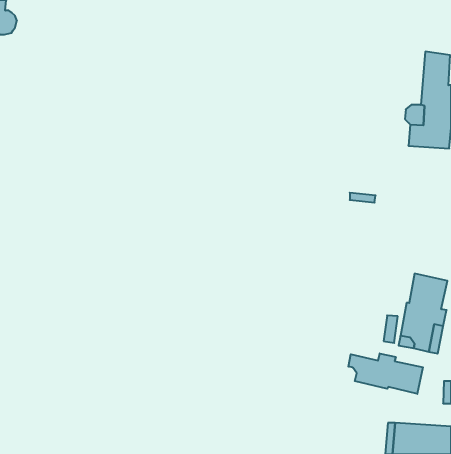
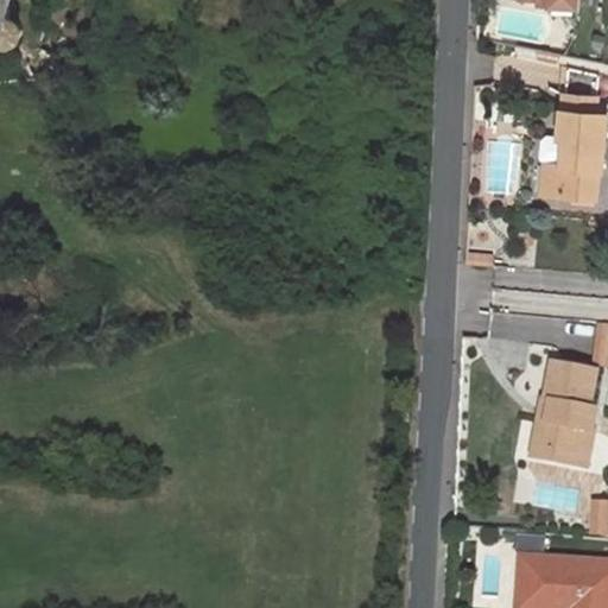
building: [348,353,423,394] -> none

